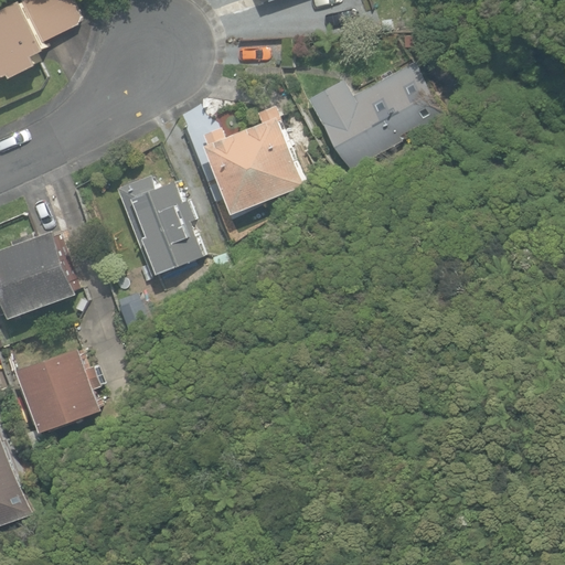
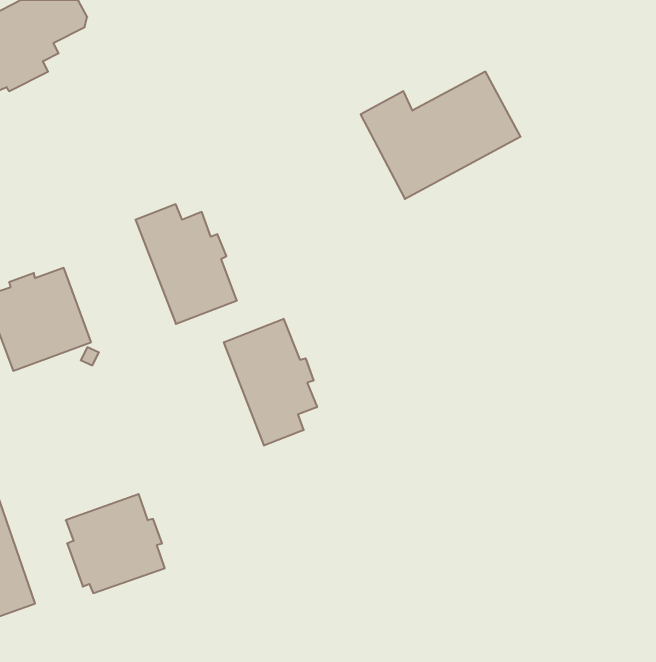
building: [200,105,303,215] -> none
building: none -> [224,319,317,446]
building: [18,347,102,430] -> [66,494,165,593]

